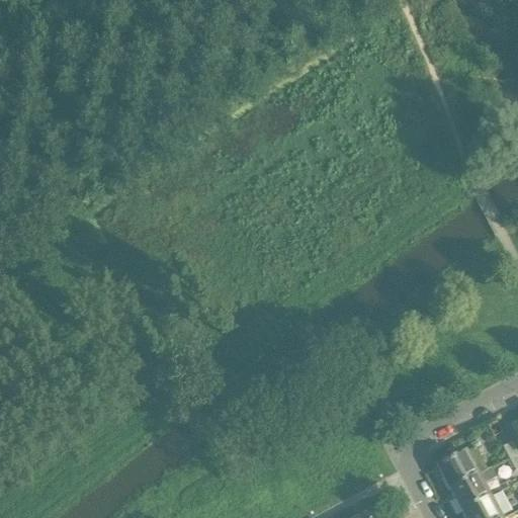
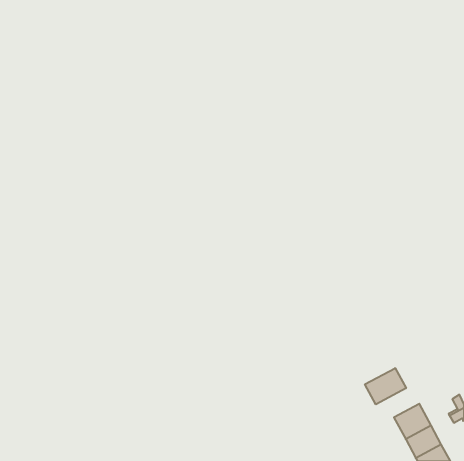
building: none -> [365,368,406,404]

